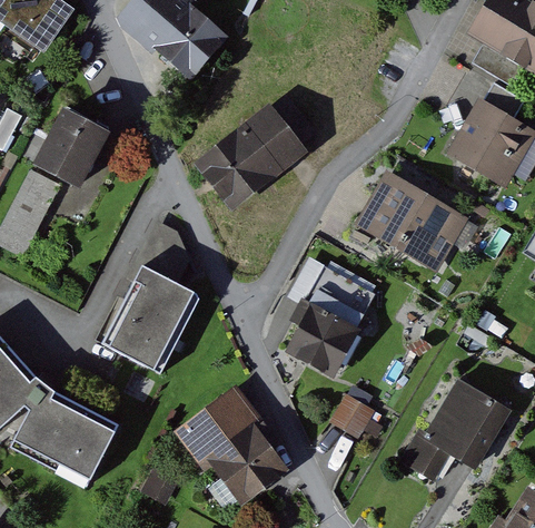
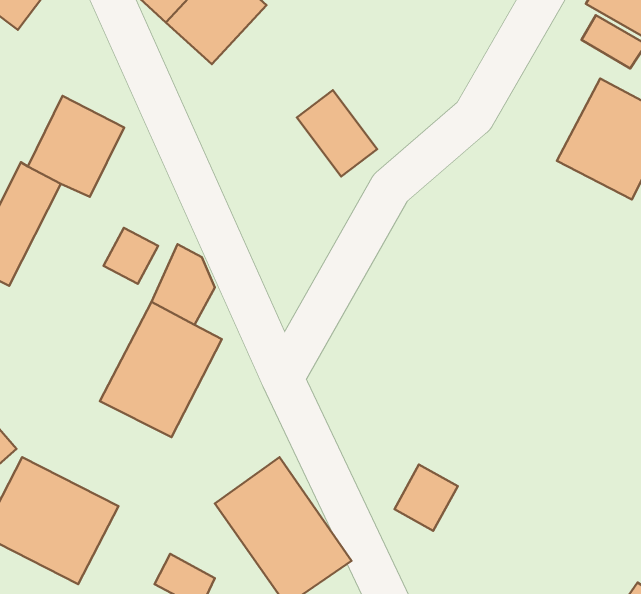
building: [195,125,285,213] -> none
building: [363,169,475,271] -> none
building: none -> [104,228,158,284]
building: [274,260,379,374] -> none
building: [393,377,505,481] -> none

